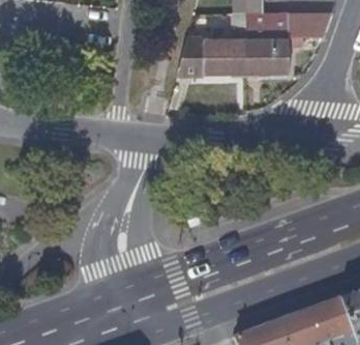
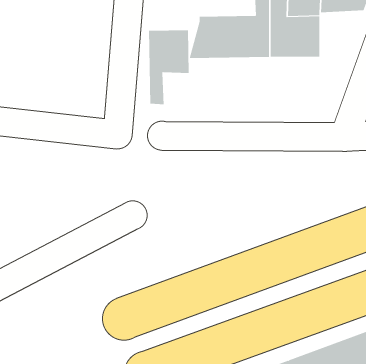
building: none -> [149,29,189,105]

